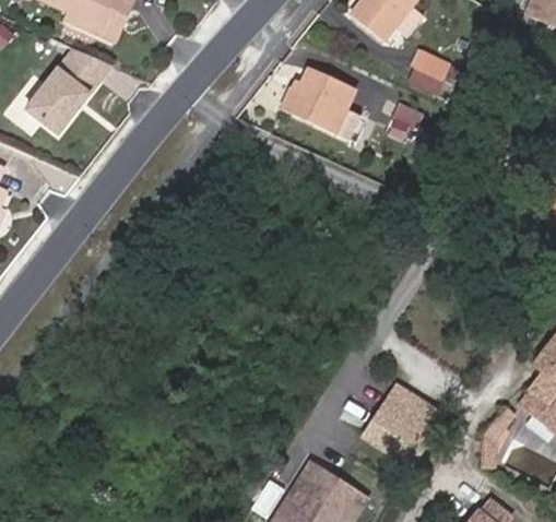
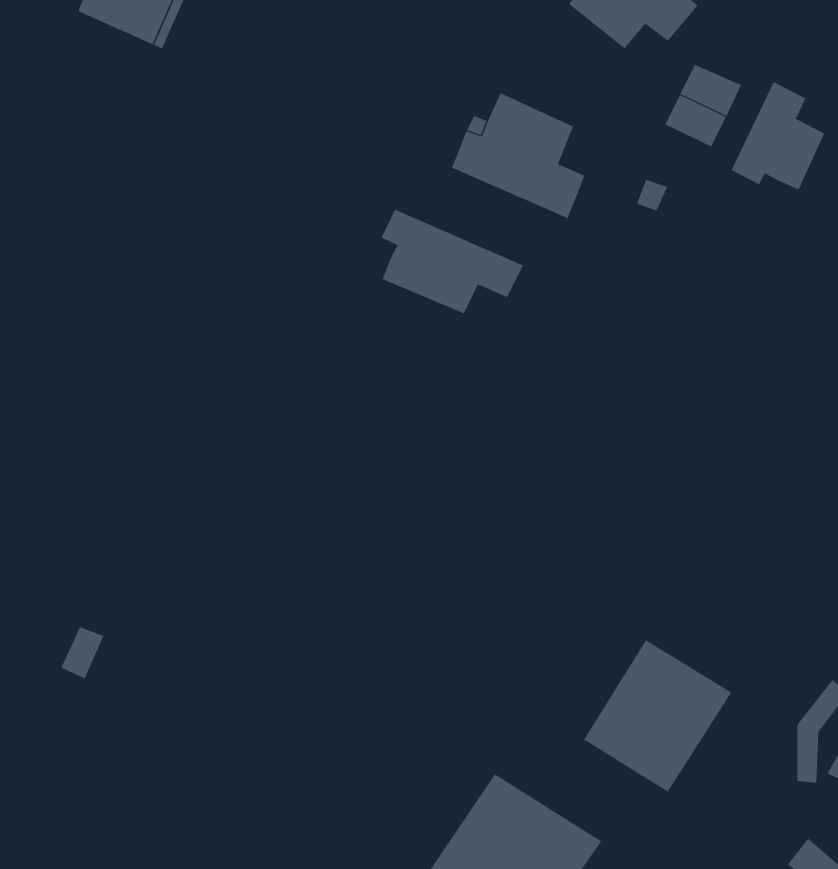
building: [28,51,110,132] -> none
building: none -> [731,81,825,190]
building: none -> [381,209,524,314]

